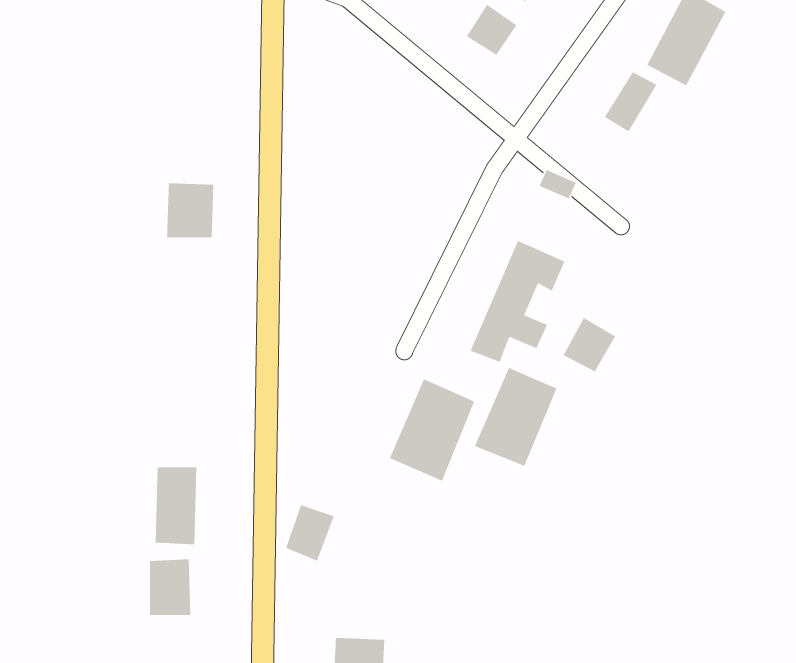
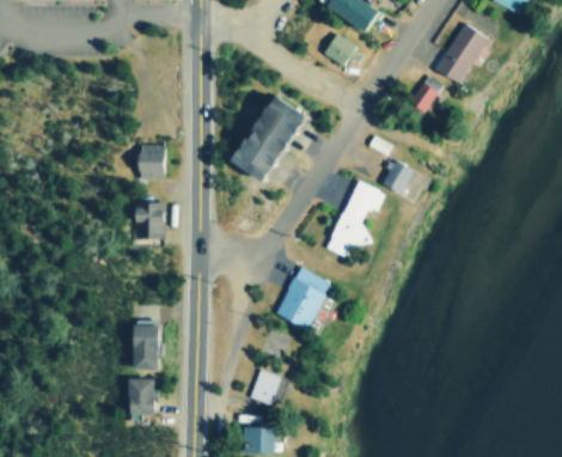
building: none -> [228,96,301,182]
building: none -> [138,203,167,238]
building: [563,317,616,373] -> [381,159,415,194]
building: [474,367,557,467] -> none
building: [285,504,335,562] -> [252,370,283,406]

